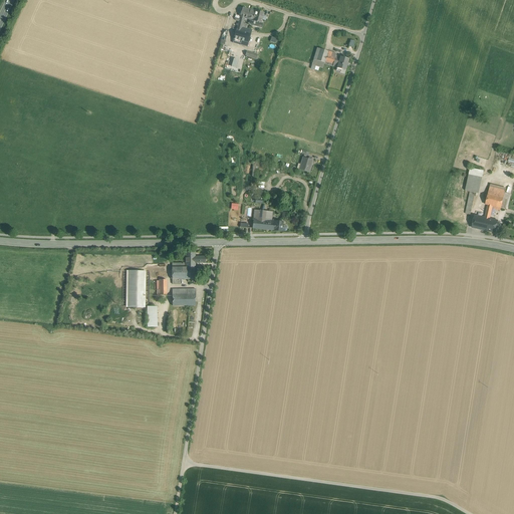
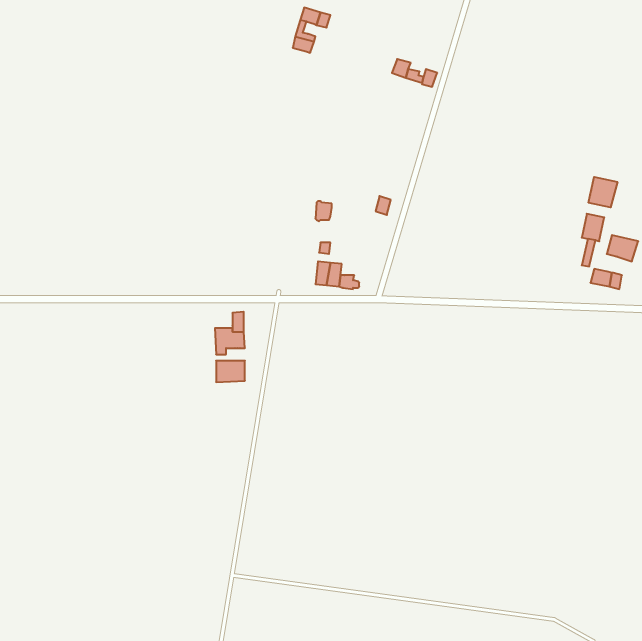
building: none -> [589,177,617,207]
building: [128,270,144,306] -> none

